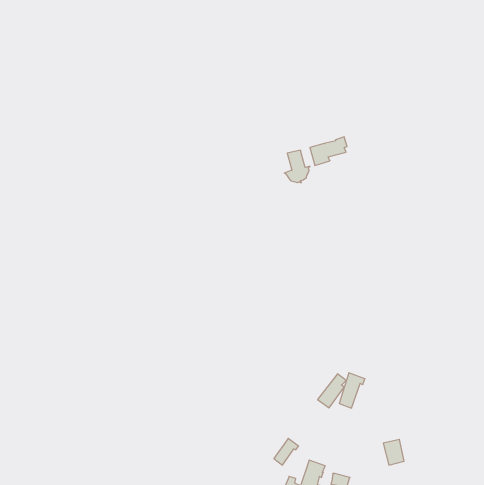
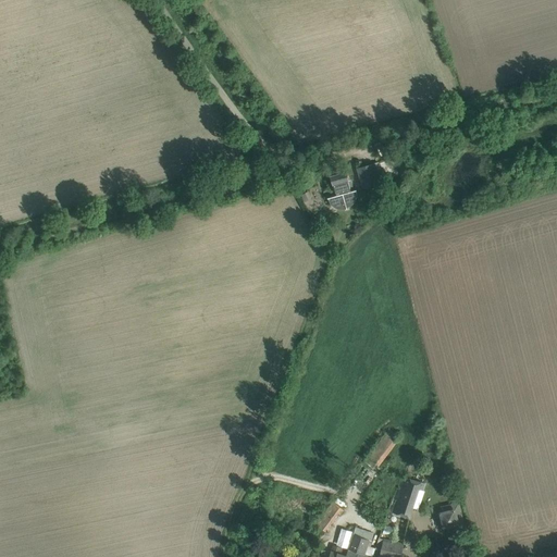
building: [339,373,365,408] -> [393,479,422,519]

